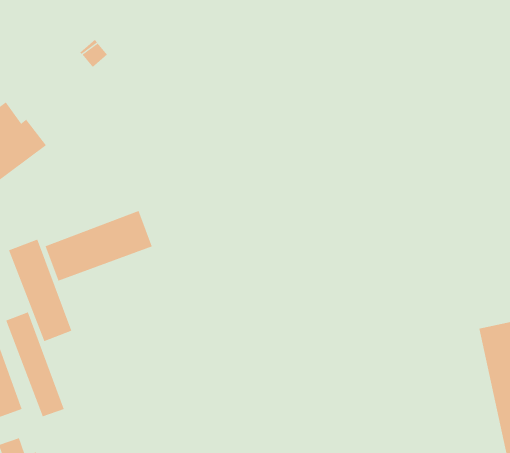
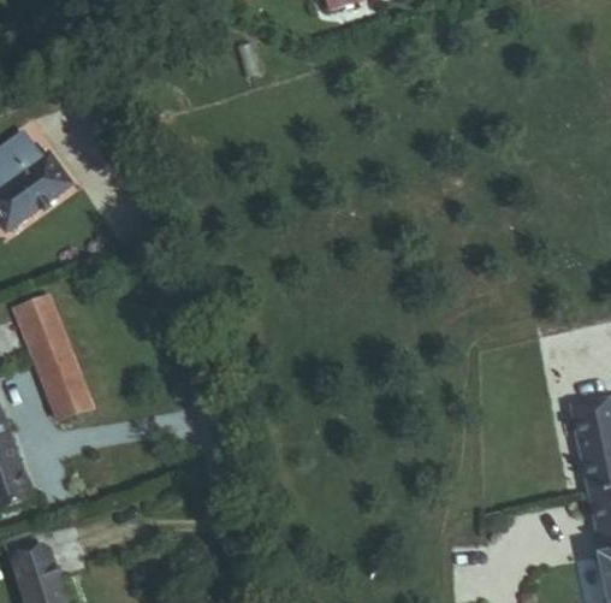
building: [45,210,153,282] -> none
building: [6,312,64,417] -> none

